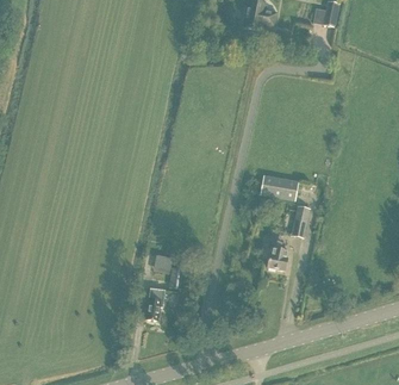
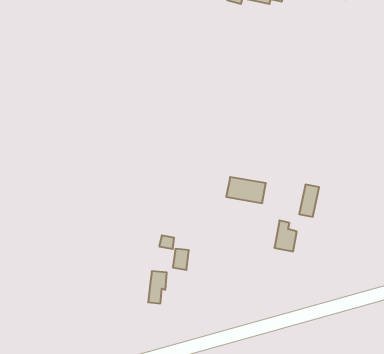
building: [260,174,298,199] -> [226,177,266,203]

